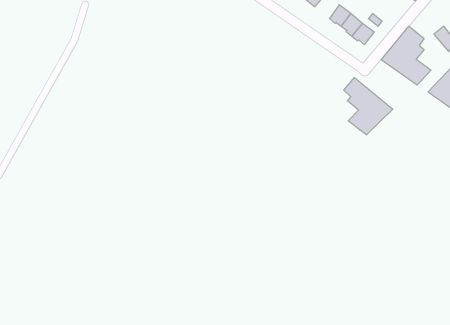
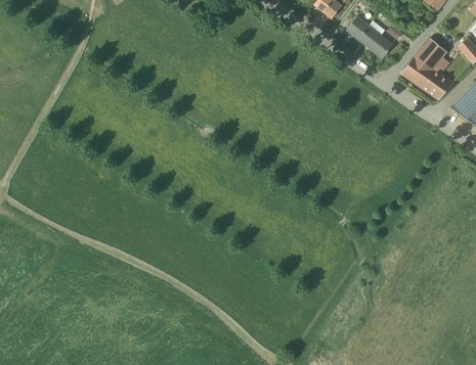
building: [344,77,393,135] -> none

